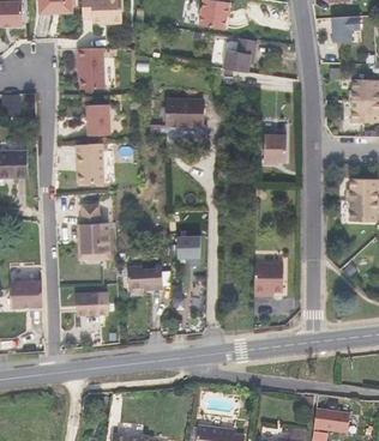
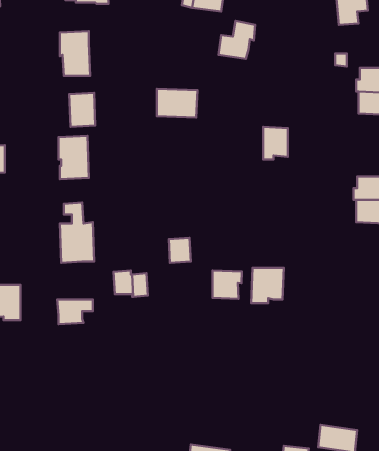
building: none -> [212,270,242,299]

